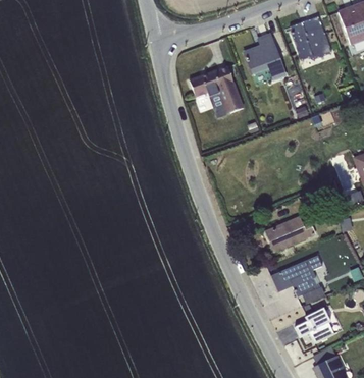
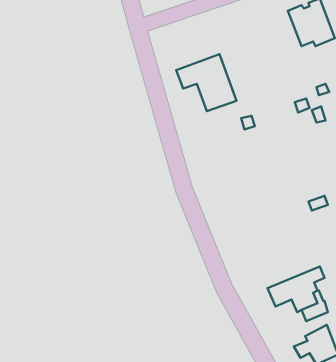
building: [245,34,288,80] -> none
building: [264,215,316,252] -> none

